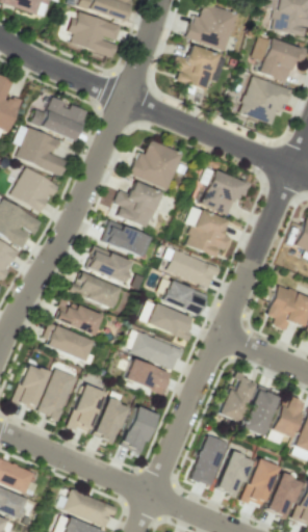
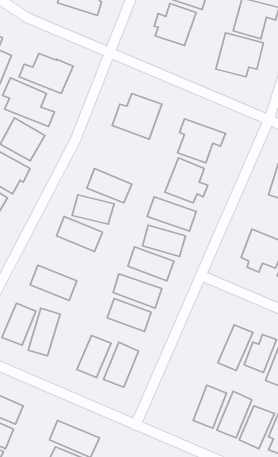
building: [112,182,161,228] -> none
building: [54,299,102,336] -> none
building: [219,374,256,422] -> none
building: [67,383,105,431] -> none
building: [191,434,229,486] -> none

